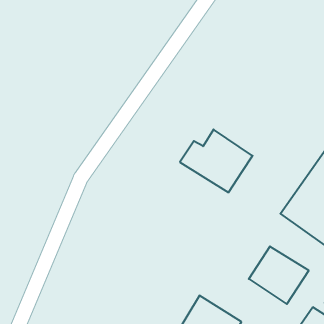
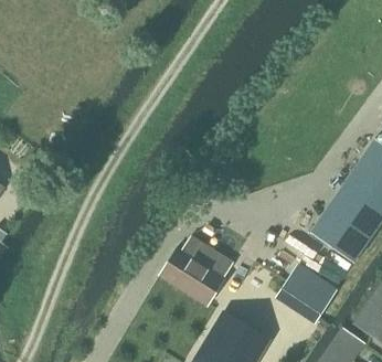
building: [180,129,253,192] -> [157,235,233,301]

